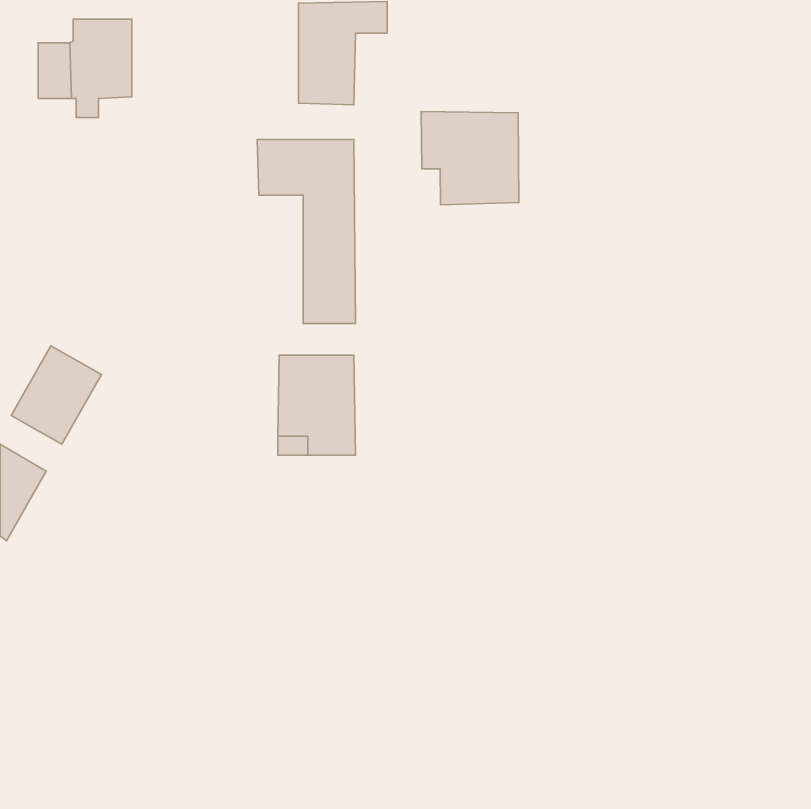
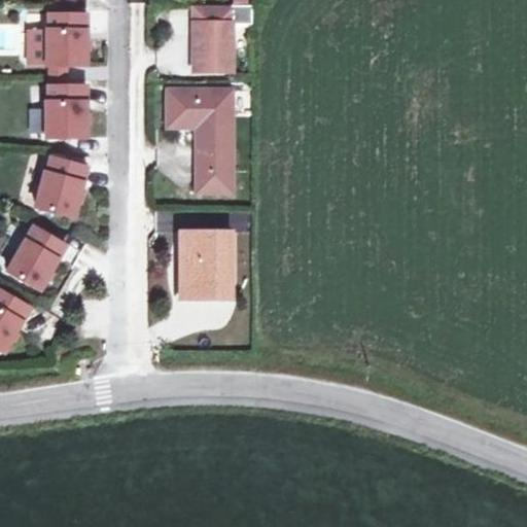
building: [421,112,519,205] -> none
building: none -> [45,84,85,136]
building: none -> [35,155,86,215]

